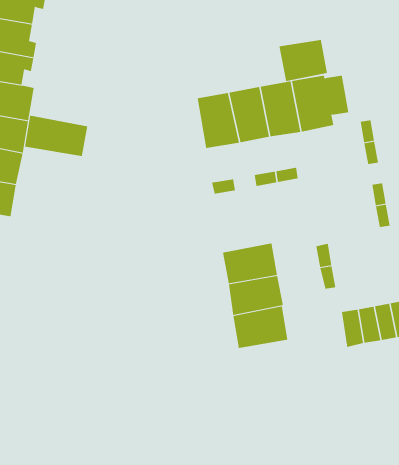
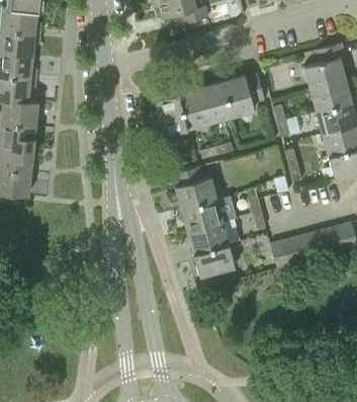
building: [279,39,328,82] -> none
building: [25,115,88,157] -> none
building: none -> [175,166,217,209]

